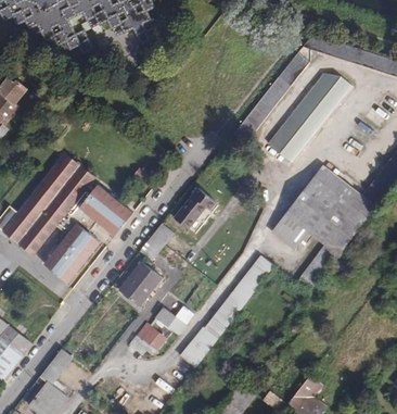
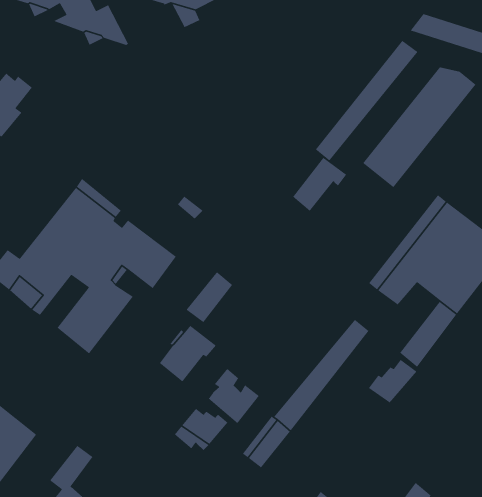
building: [175,187,215,227] -> [292,157,347,212]
building: none -> [368,359,417,404]

